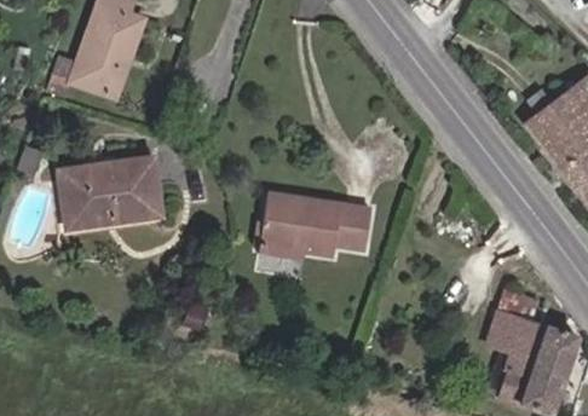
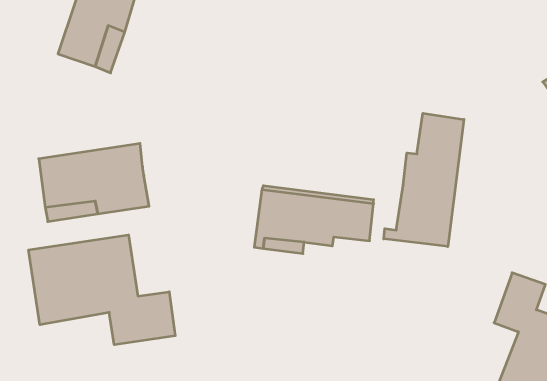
building: none -> [384,113,464,247]
building: none -> [29,235,175,345]

